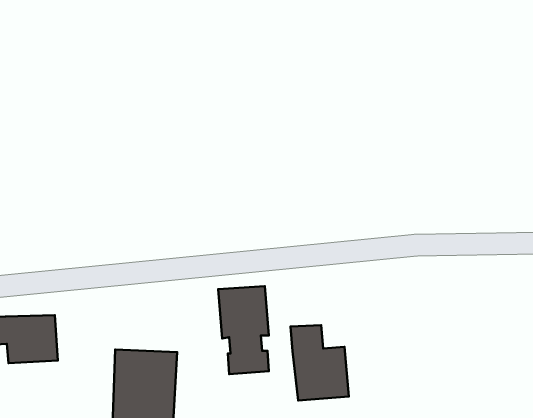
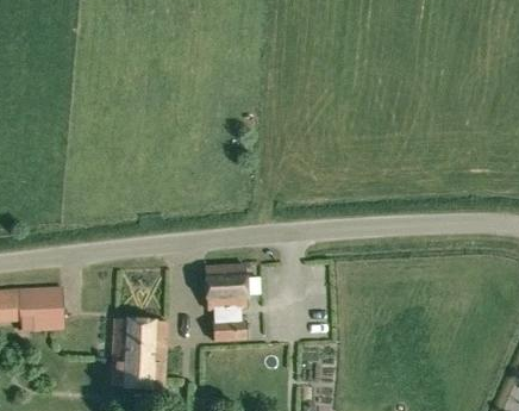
building: [291,325,349,400] -> none

